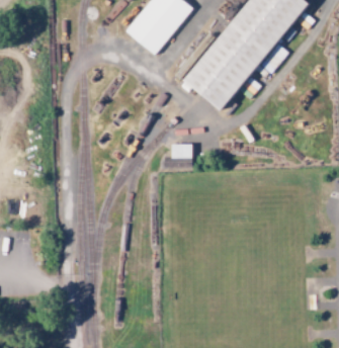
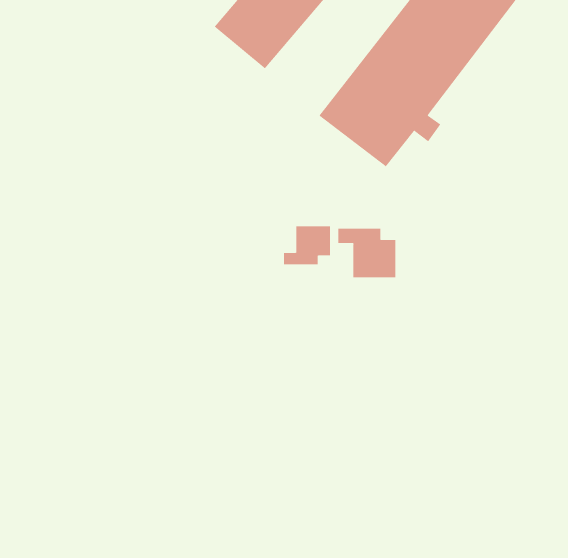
building: none -> [338,228,396,278]

